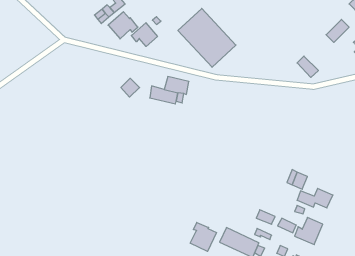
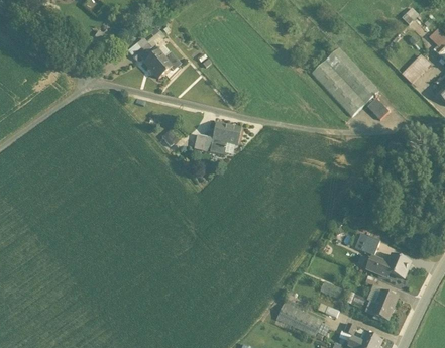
building: [178,8,236,67] -> [311,47,379,117]
building: [131,23,157,46] -> none
building: [190,222,217,251] -> none

